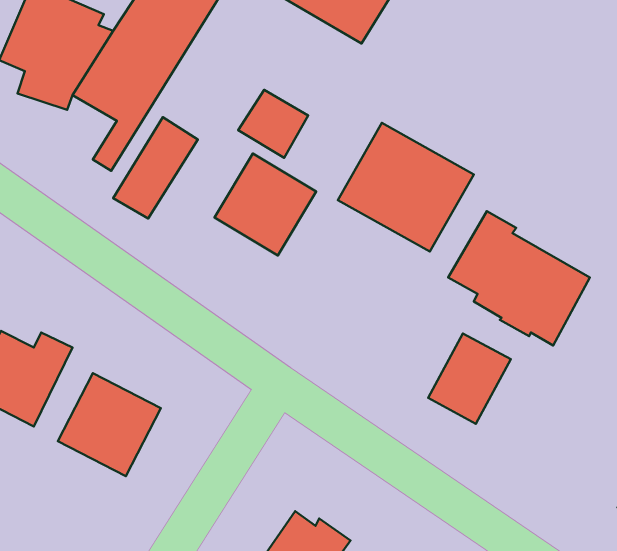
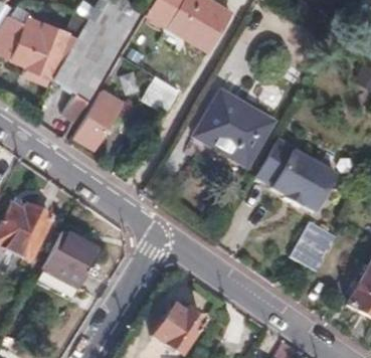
building: [214,153,316,256] -> none
building: [428,334,511,424] -> [291,222,336,272]

